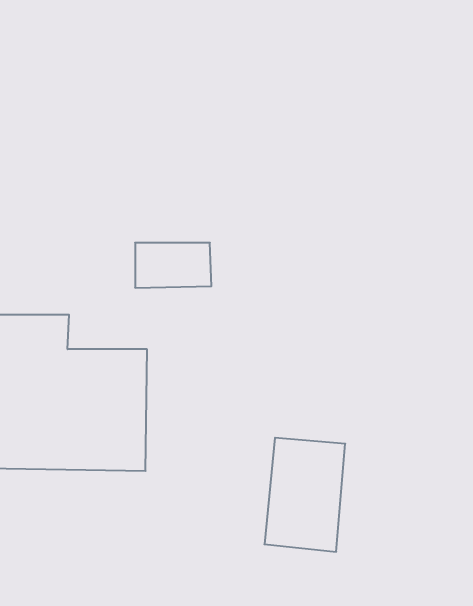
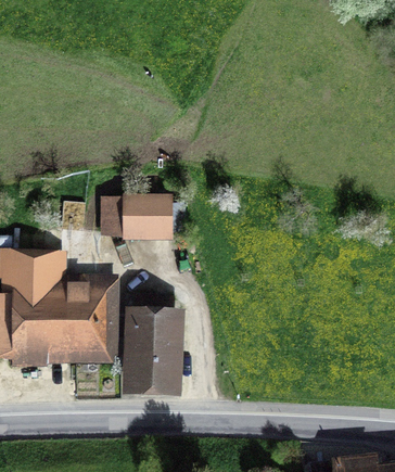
building: [264,438,345,552] -> [124,311,182,394]

